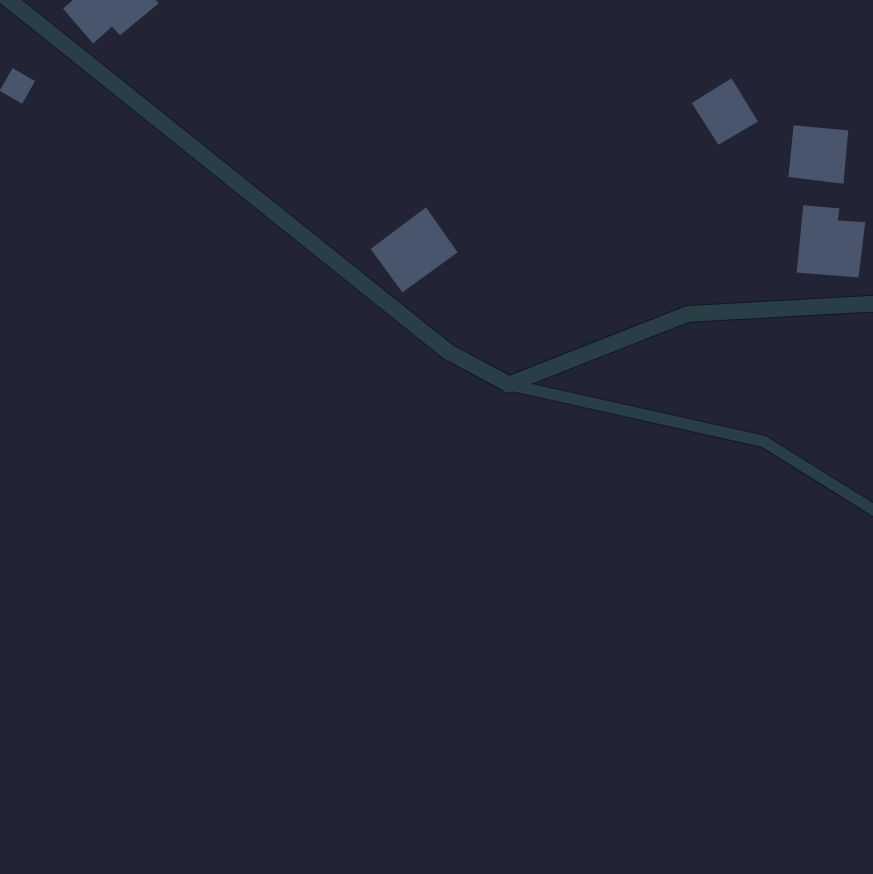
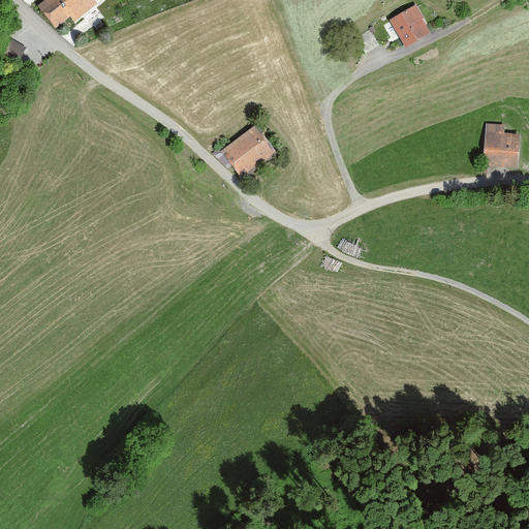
building: [691,77,759,146] -> [391,5,432,46]
building: [787,124,849,184] -> none

